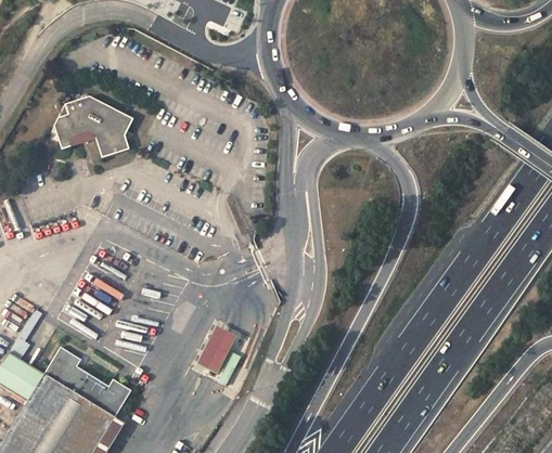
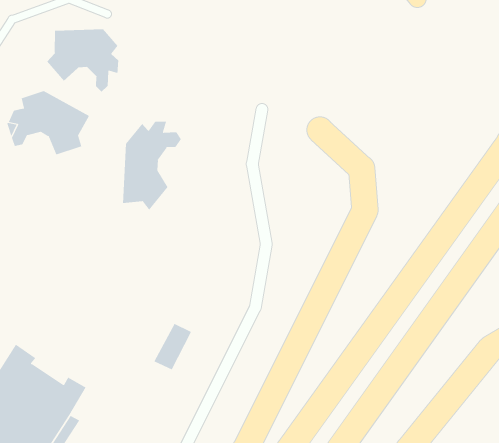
building: none -> [47,28,119,93]
building: none -> [122,121,182,210]

